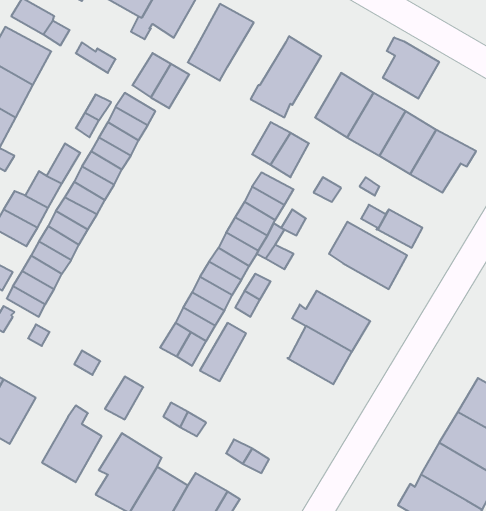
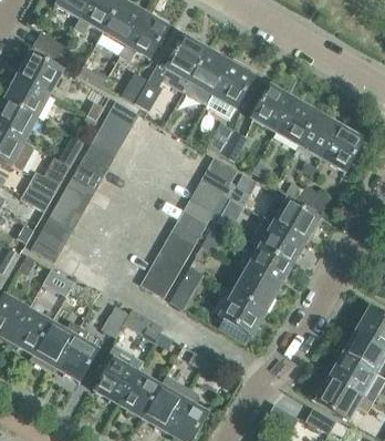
building: none -> [184,49,231,104]
building: [383,37,439,99] -> none
building: none -> [249,216,305,265]
building: none -> [219,287,266,342]
building: none -> [30,320,80,371]

